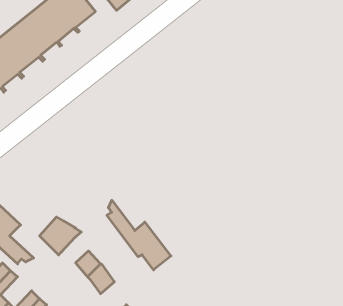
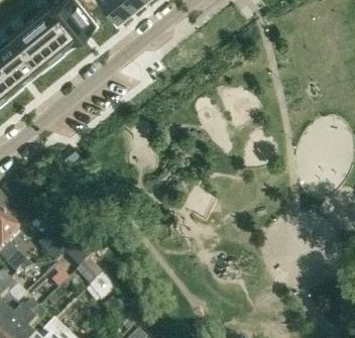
building: [107,200,171,270] -> none

